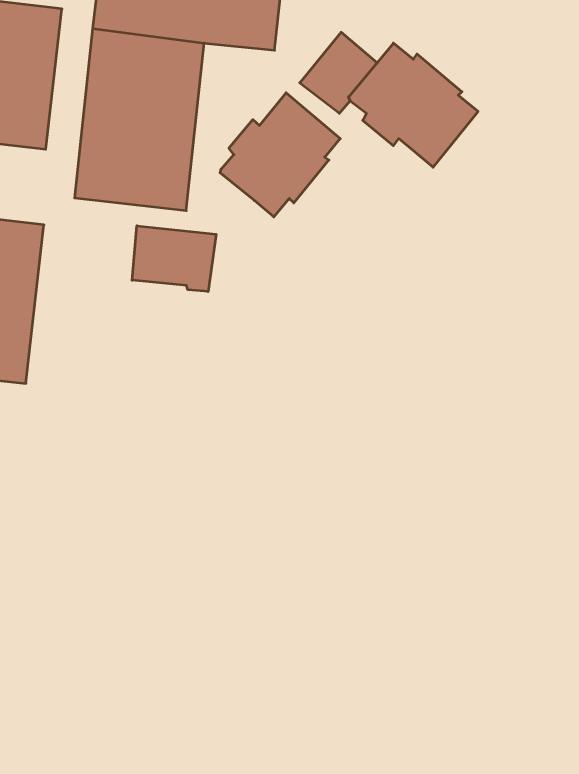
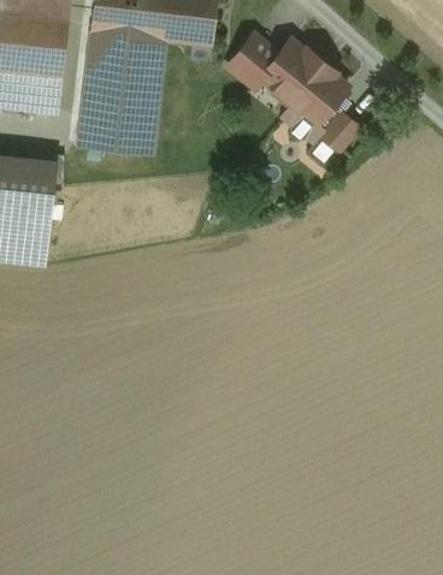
building: [220,93,340,217] -> none
building: none -> [320,111,359,149]
building: [132,226,216,292] -> none

